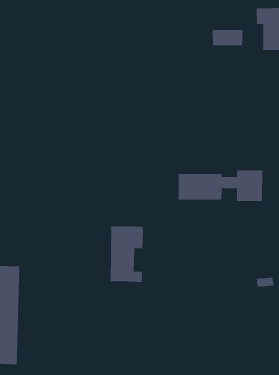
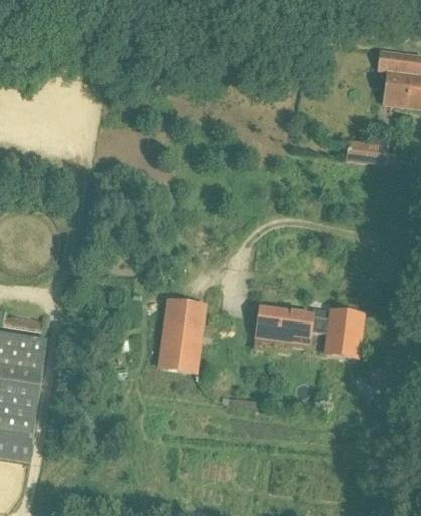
building: [212,29,243,46] -> [345,140,387,165]
building: [178,170,263,202] -> [253,306,364,354]

